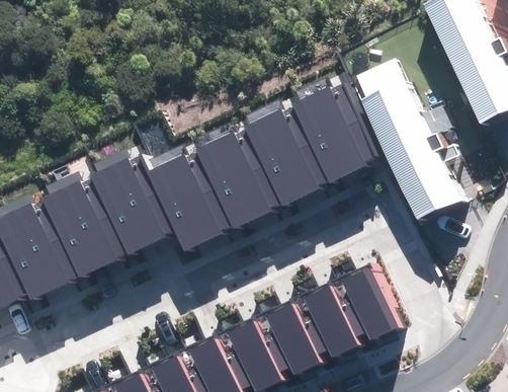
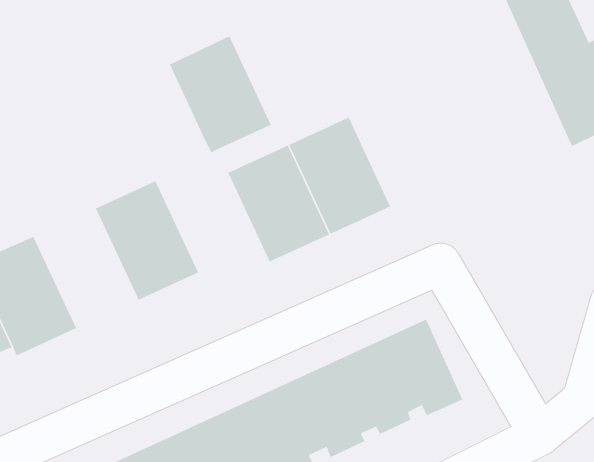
building: [368,81,472,221] -> none
building: [304,82,386,176] -> none
building: [158,149,240,243] -> [169,35,272,153]
building: [53,177,136,273] -> none

